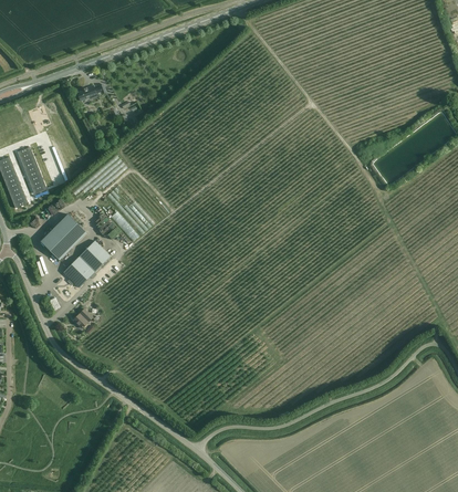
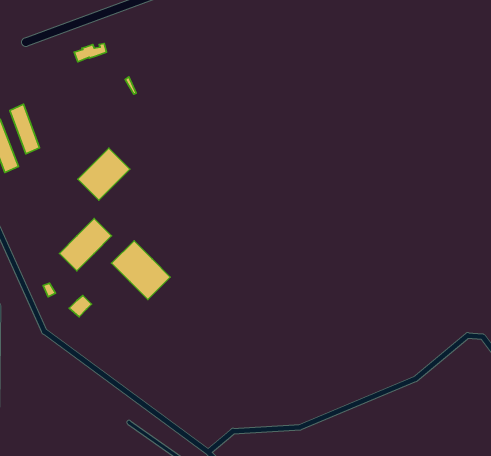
building: [40,214,86,261] -> [78,148,130,200]
building: none -> [112,241,170,299]

